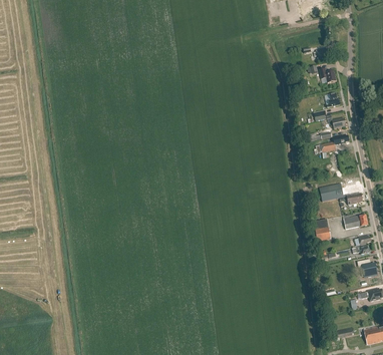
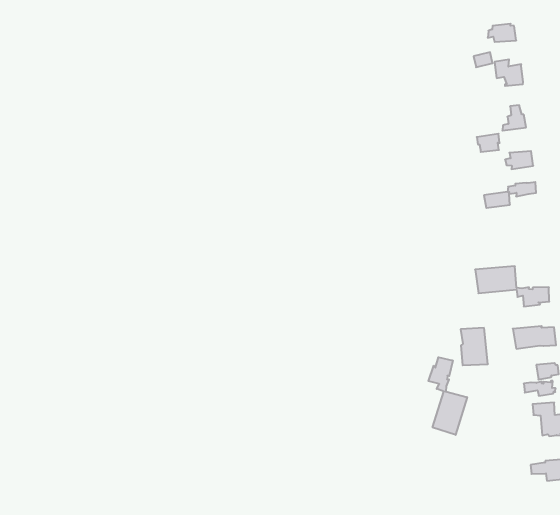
building: none -> [428,357,467,435]

